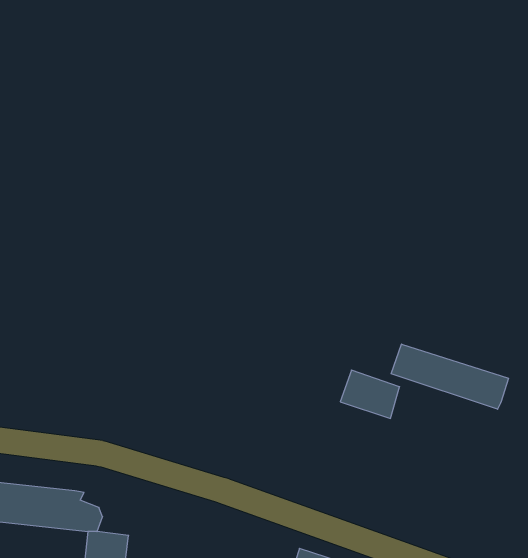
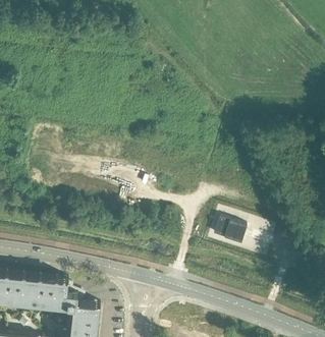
building: [391,344,509,409] -> none

